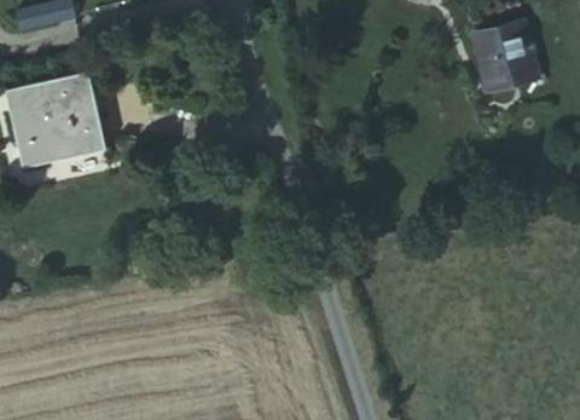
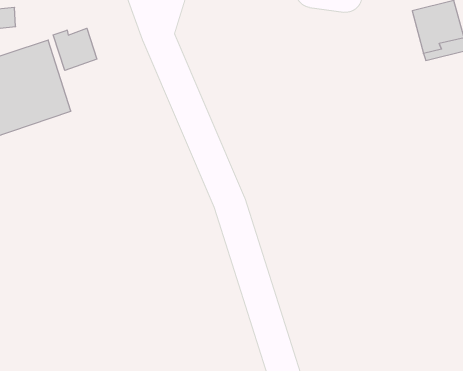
building: none -> [53,28,97,70]

